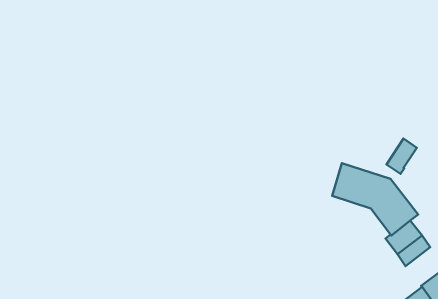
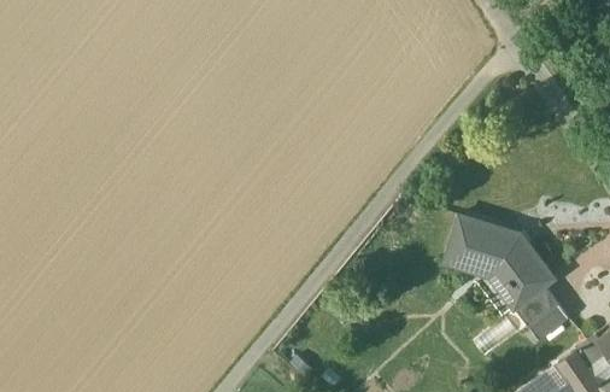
building: [386,139,417,174] -> none

